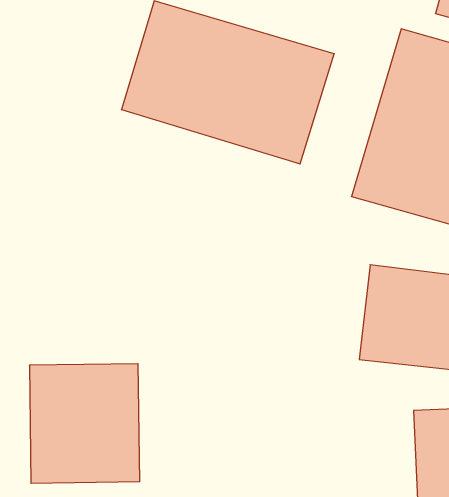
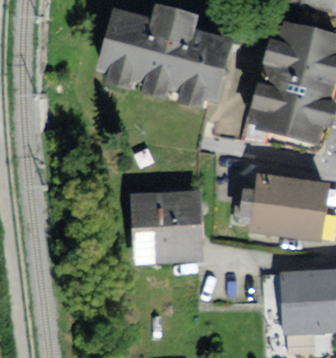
building: [29,364,140,483] -> [132,191,203,268]

